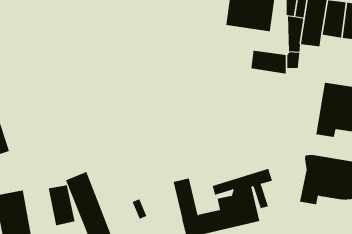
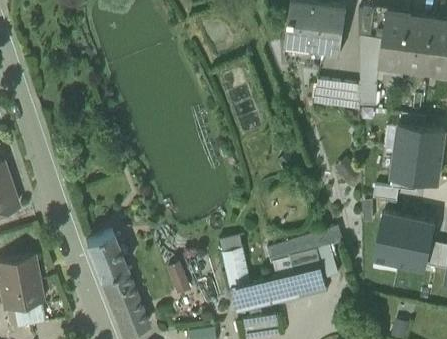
building: [48,185,75,226] -> none

